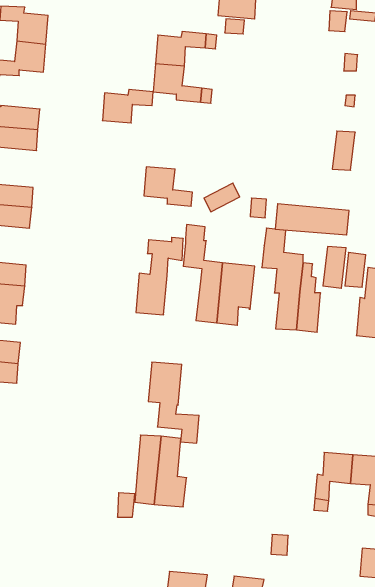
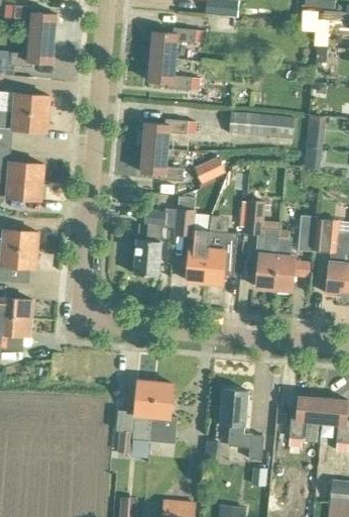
building: [102,89,153,123] -> [142,119,187,148]
building: [275,204,349,235] -> [229,112,294,139]
building: [148,362,199,443] -> [219,389,263,459]

